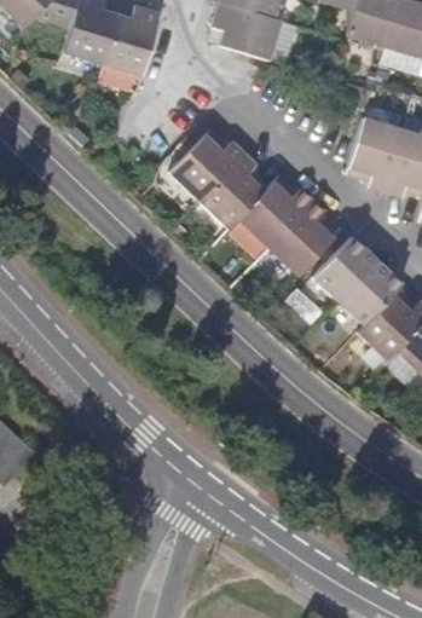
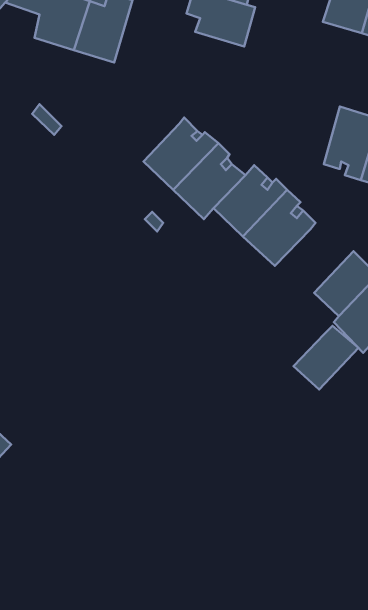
building: [312,241,376,304] -> [293,326,358,389]

